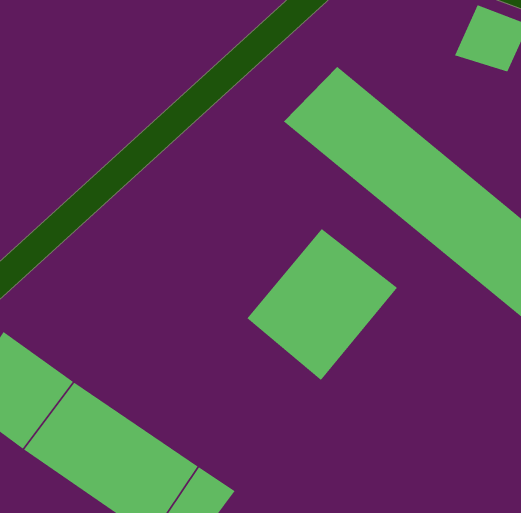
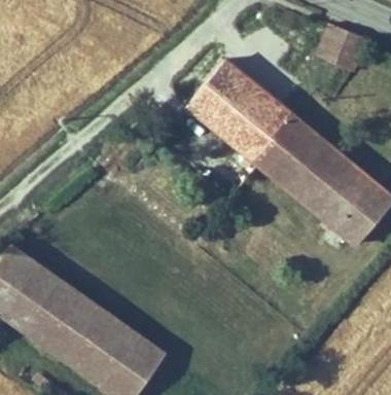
building: [246,228,398,381] -> none

